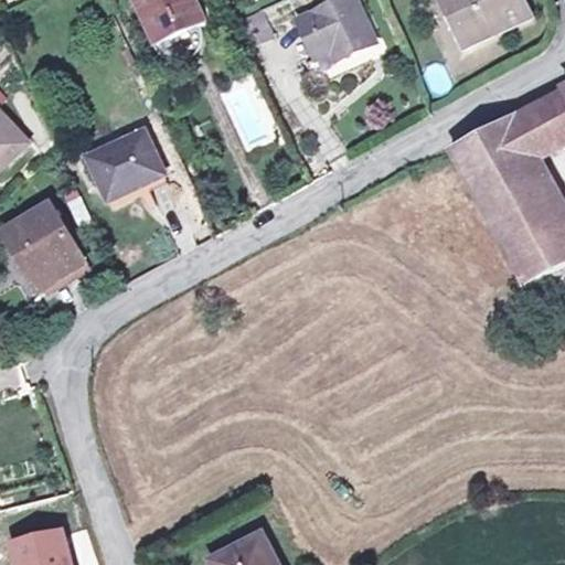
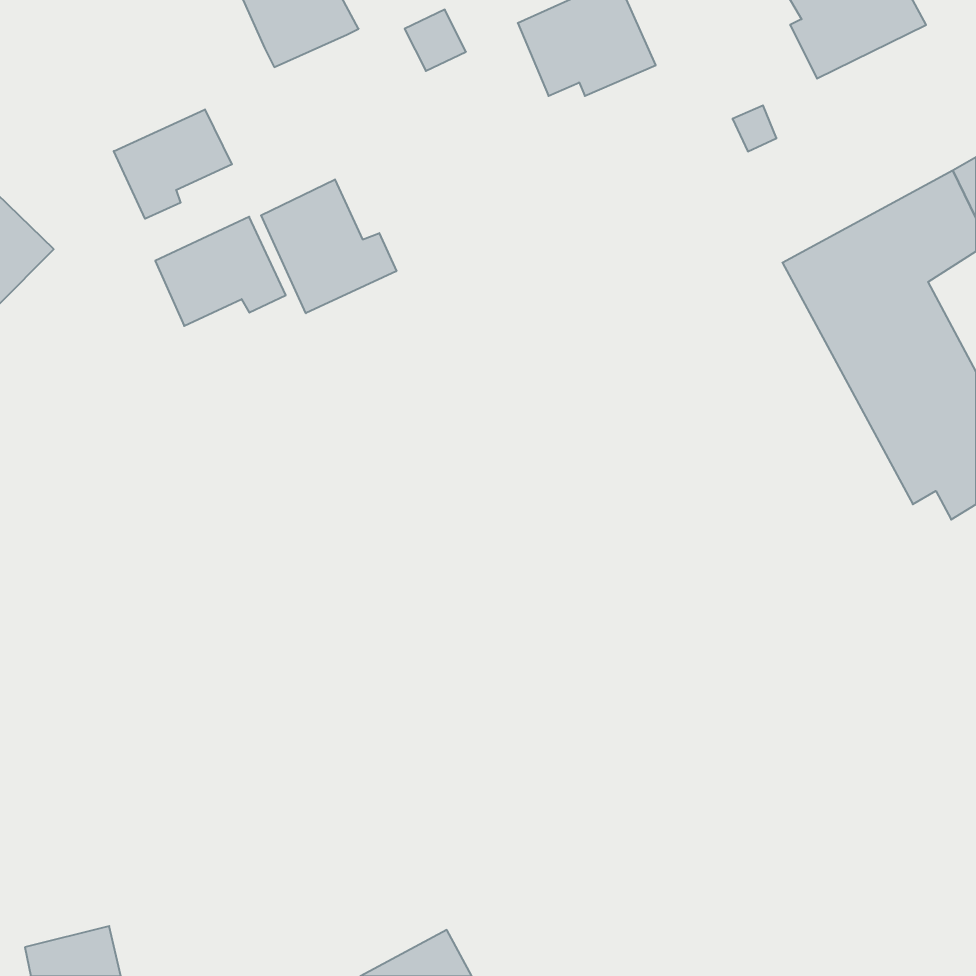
building: none -> [114,109,232,219]
building: none -> [261,179,396,313]
building: [6,213,85,290] -> none

